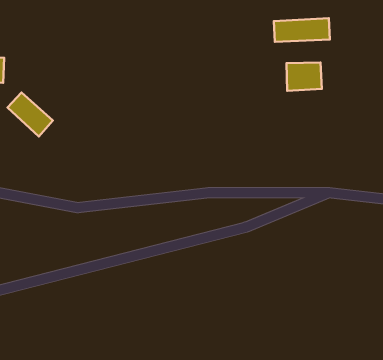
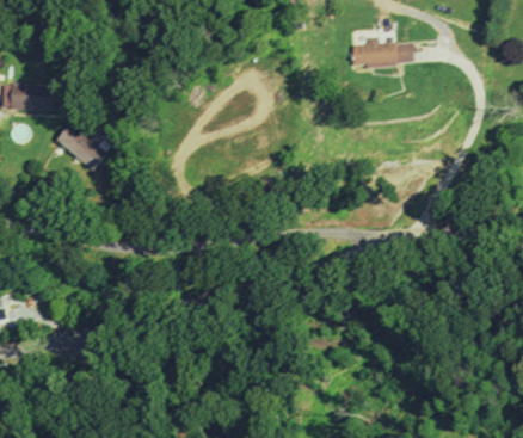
building: [286,62,322,91] -> none

